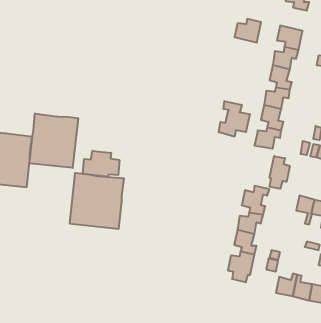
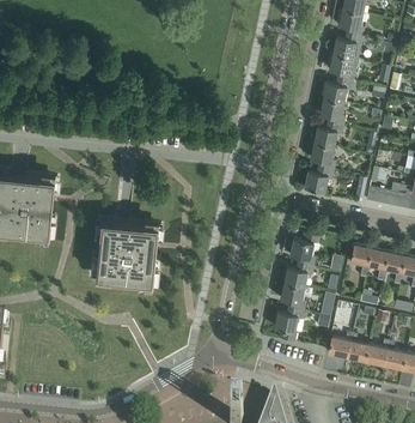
building: [234,19,261,42] -> [332,31,362,58]
building: [219,101,250,137] -> none
building: [30,113,78,168] -> none
building: [83,151,119,177] -> none
building: [270,156,290,189] -> none

